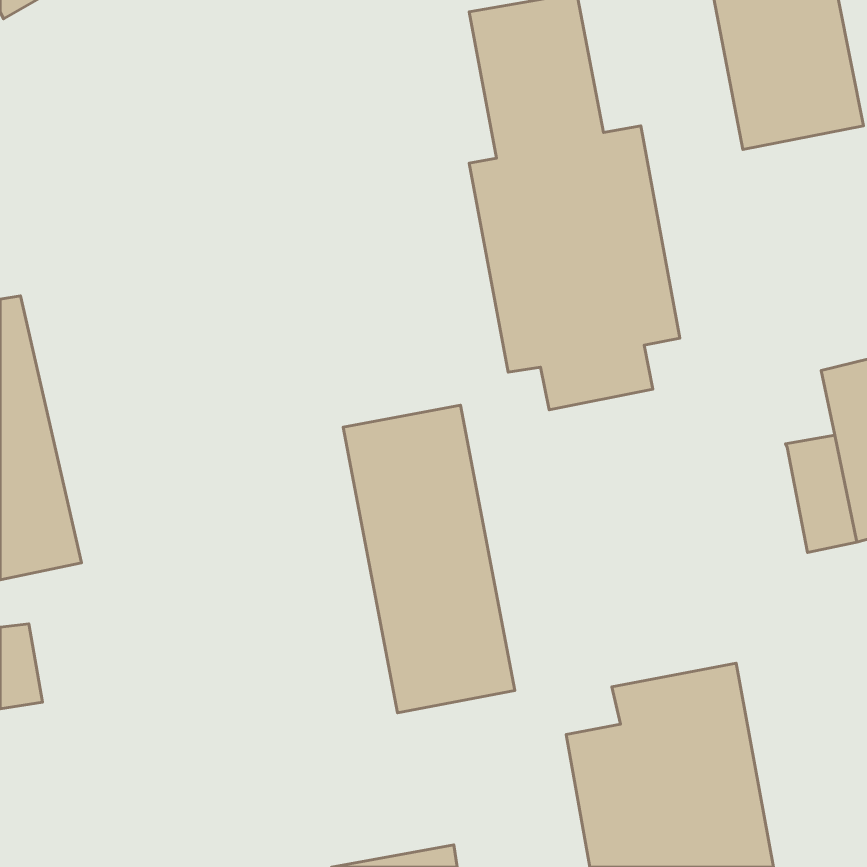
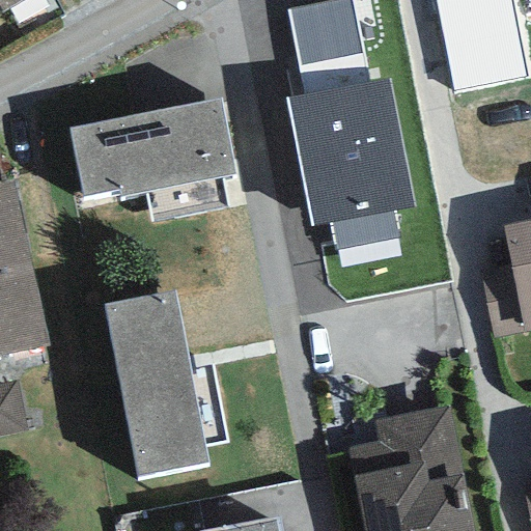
building: none -> [71,99,237,196]
building: [343,405,515,713] -> [104,290,208,478]

